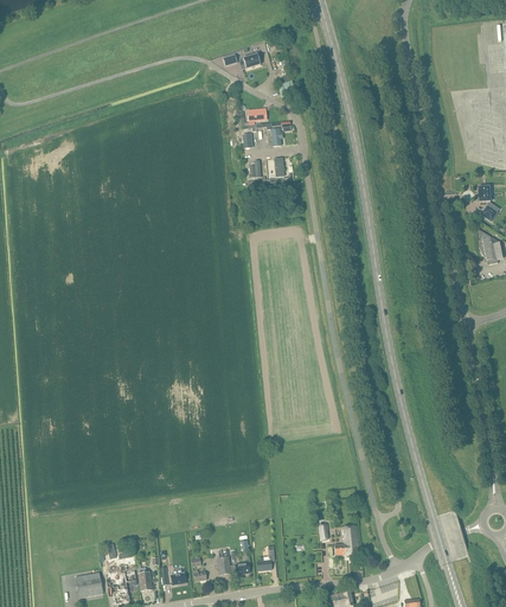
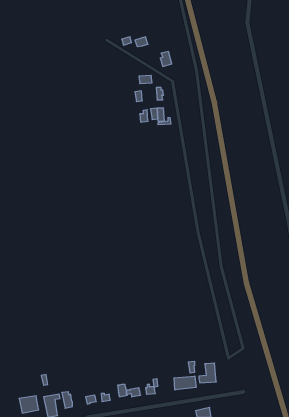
building: none -> [174,376,196,390]

